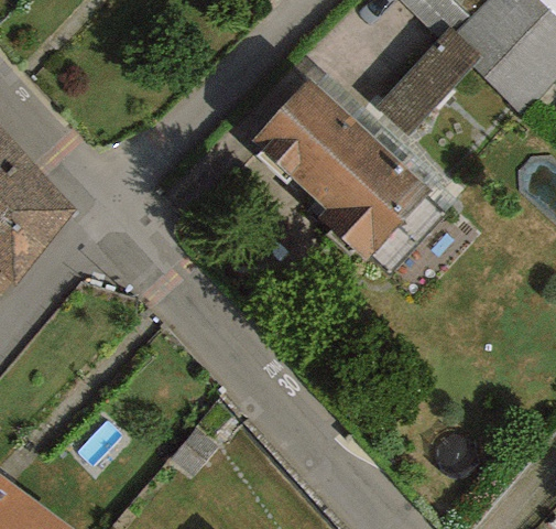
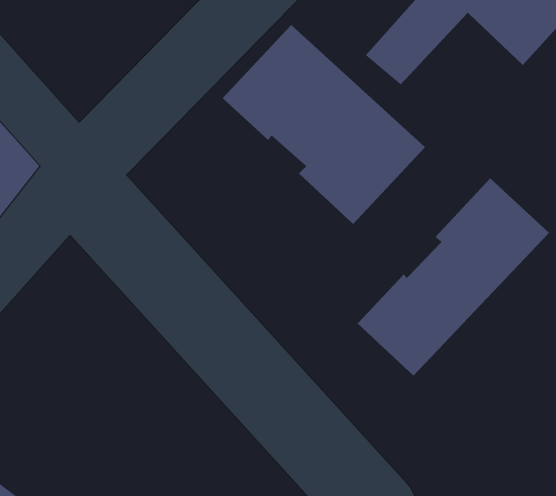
building: none -> [357,178,550,376]

